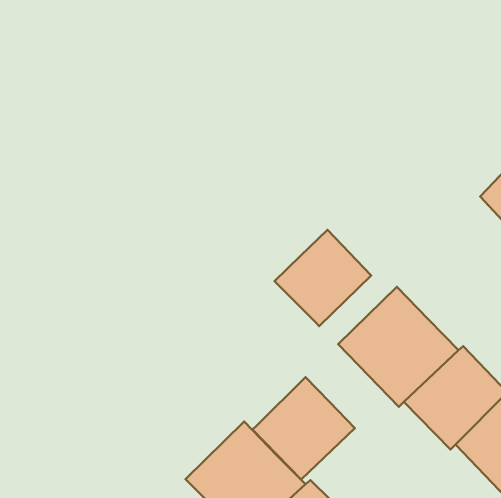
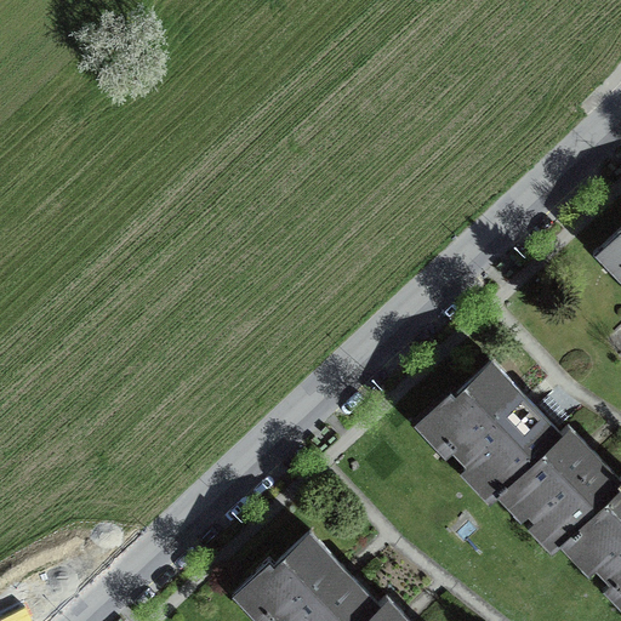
building: [275,230,371,326] -> none
building: [252,377,355,480] -> none

